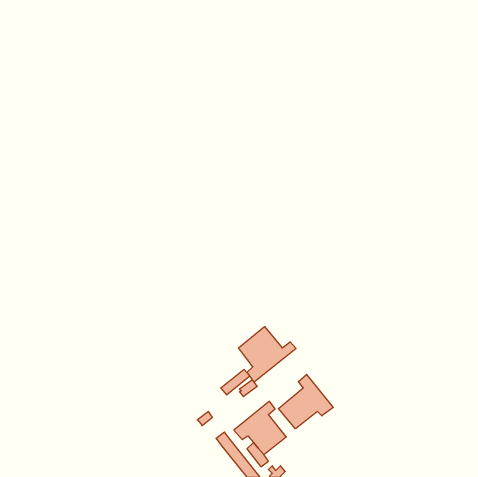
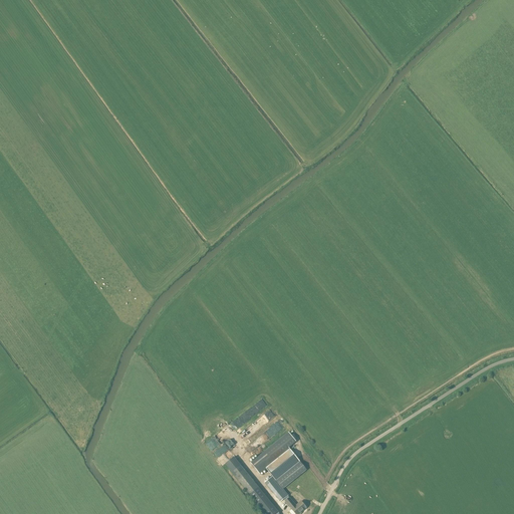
building: [239,327,296,382] -> none
building: [278,374,333,429] -> none

